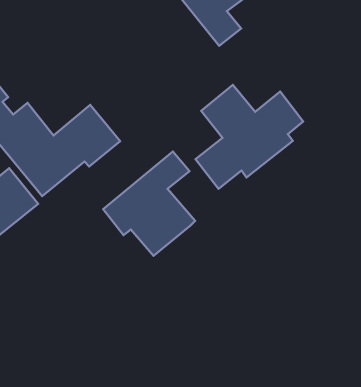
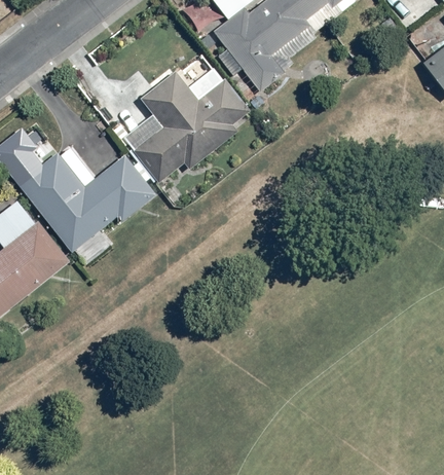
building: [195,85,303,189] -> [134,71,249,182]
building: [103,152,195,256] -> none

